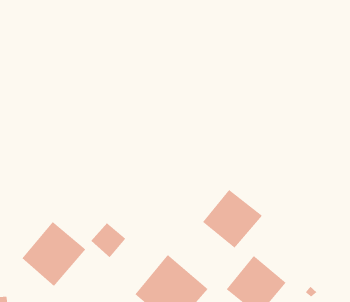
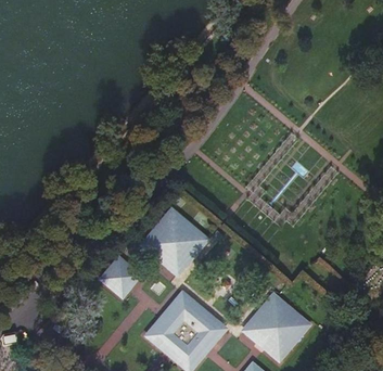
building: [202,189,263,249] -> [142,209,206,272]
building: [21,221,86,287] -> none

